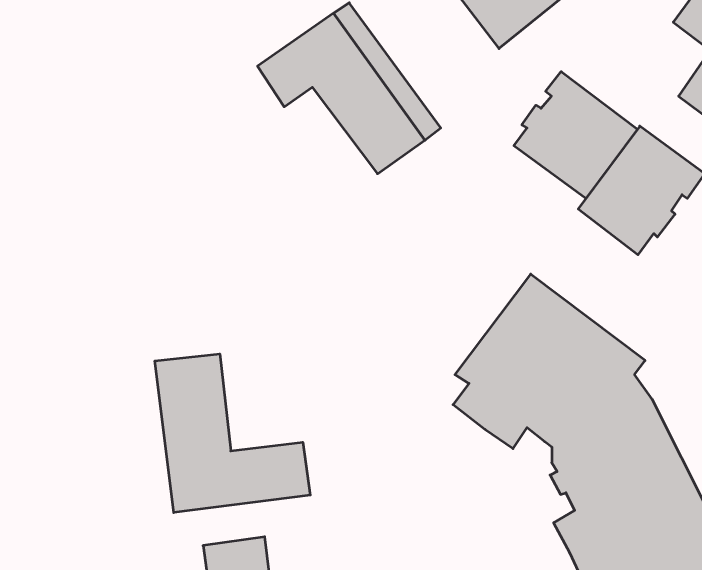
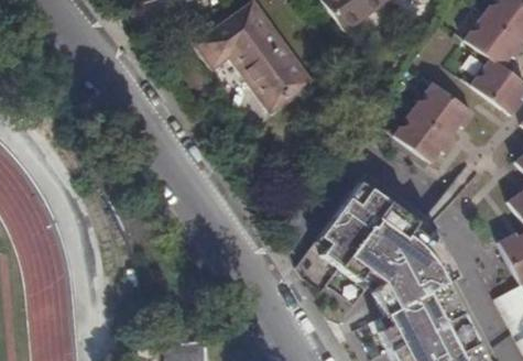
building: [514,72,638,198] -> none
building: [155,354,310,513] -> none

